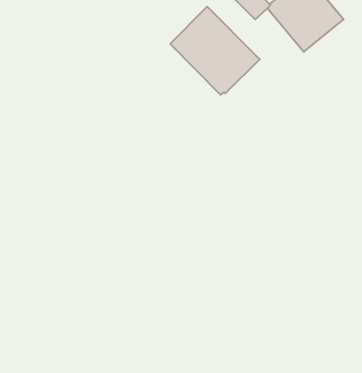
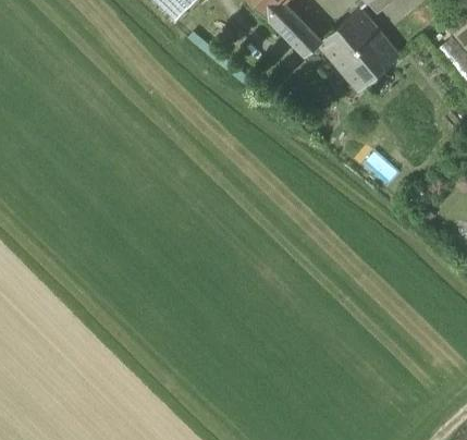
building: [170,7,260,95] -> none

